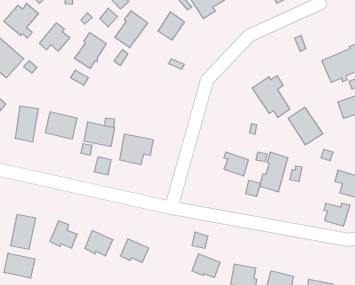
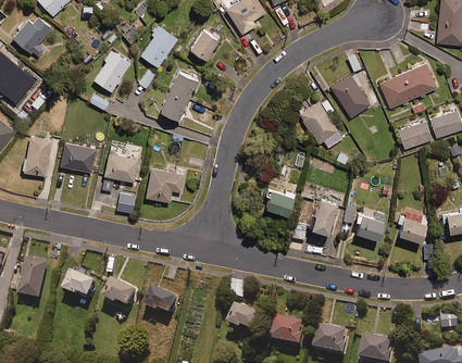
building: [39,23,70,51] -> none
building: none -> [160,71,198,118]
building: [288,107,323,145] -> [329,74,370,117]
building: [324,203,350,226] -> [355,213,386,239]
building: [4,253,35,278] -> none

